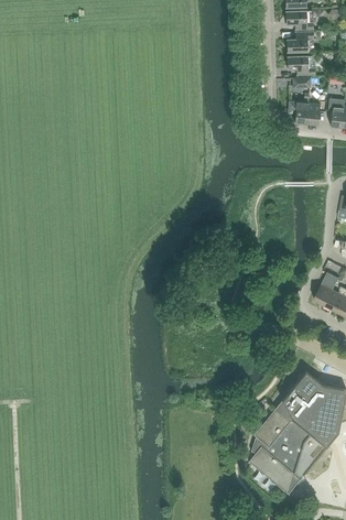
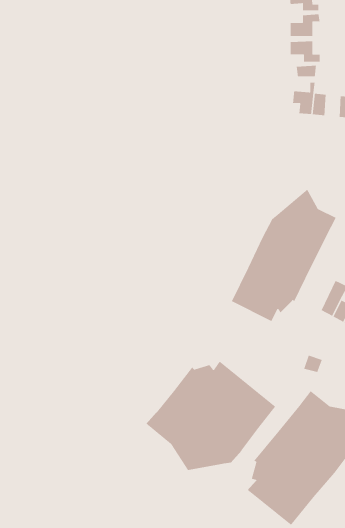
building: none -> [231,189,337,322]
building: none -> [145,361,276,471]

